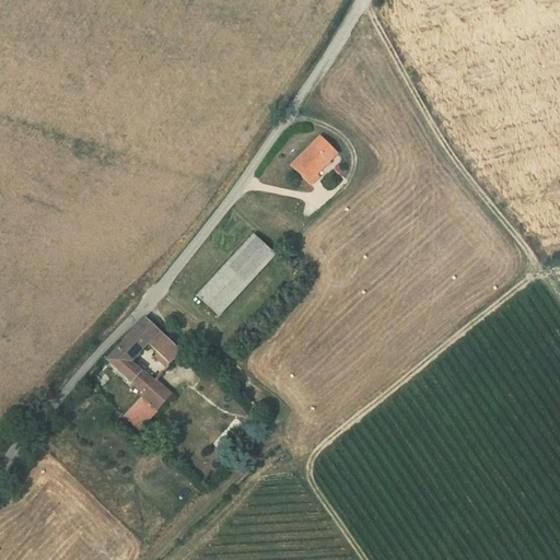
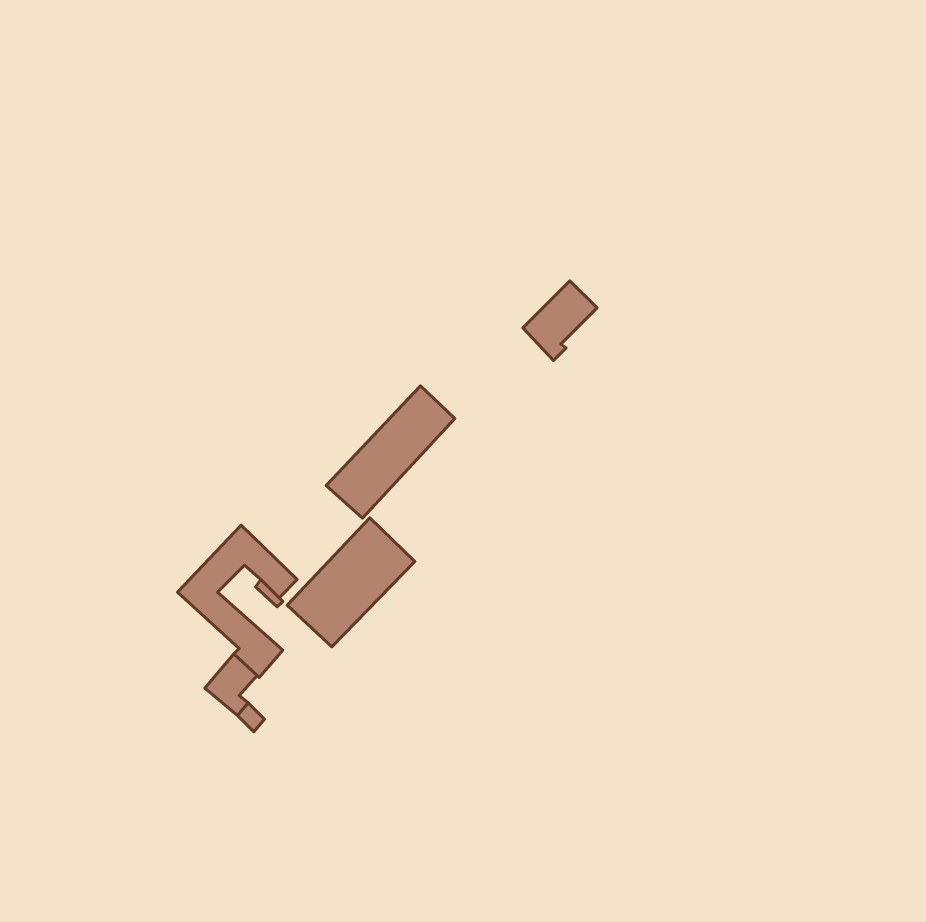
building: [292,135,337,183] -> [523,281,597,361]
building: none -> [287,518,415,647]

